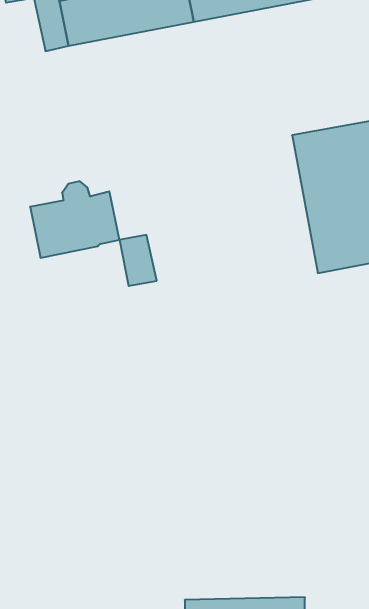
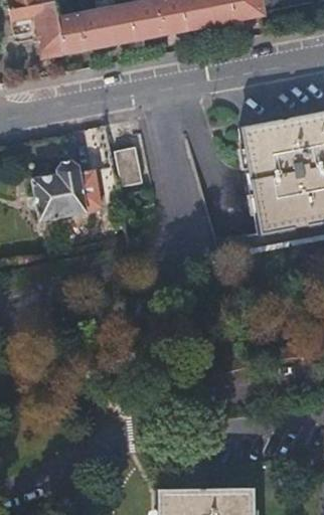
building: [120,235,157,286] -> [116,148,145,188]

